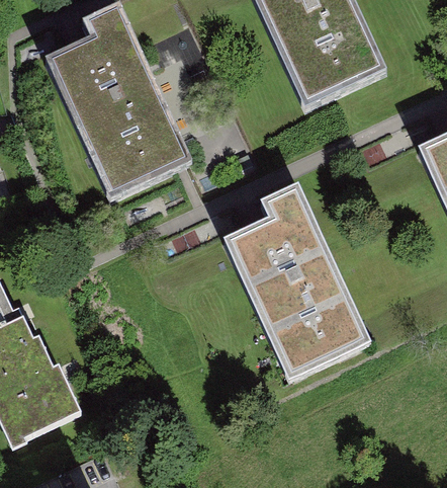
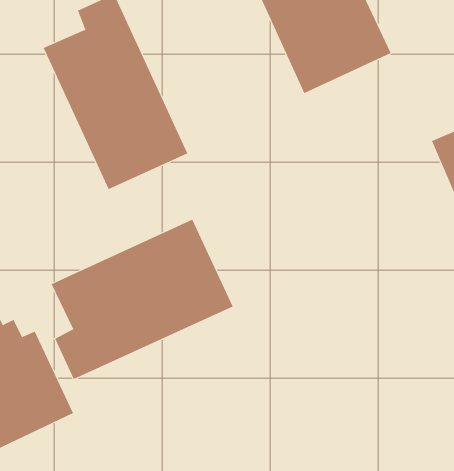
building: [233,189,370,375] -> none
building: none -> [51,219,233,380]

